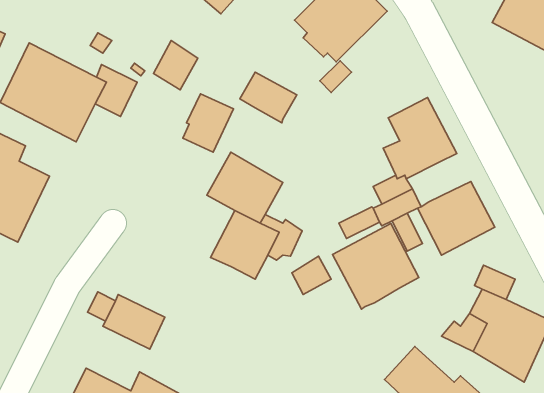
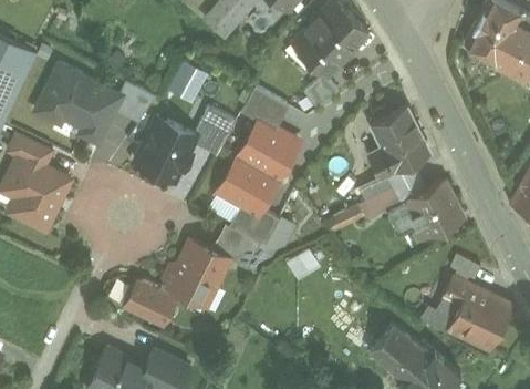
building: none -> [132,112,198,184]
building: none -> [235,117,303,183]
building: none -> [387,165,428,204]
building: [332,224,419,309] -> none
building: none -> [162,236,235,309]

